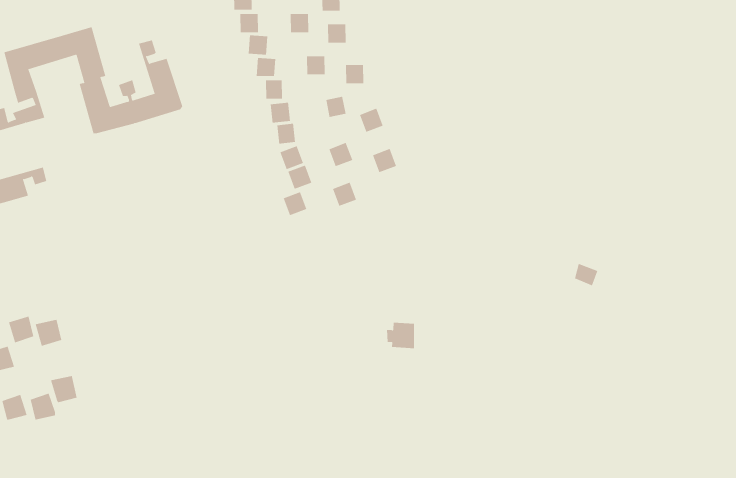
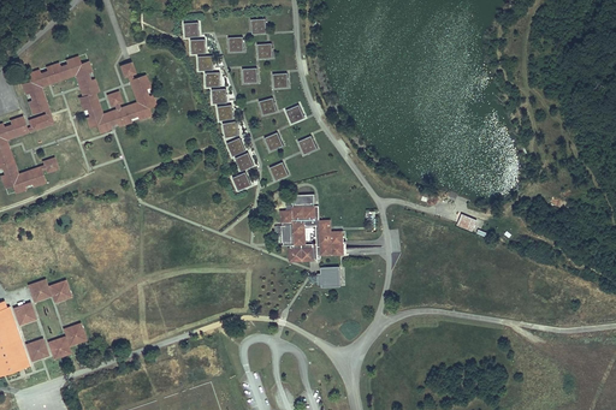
building: none -> [277,203,339,259]

